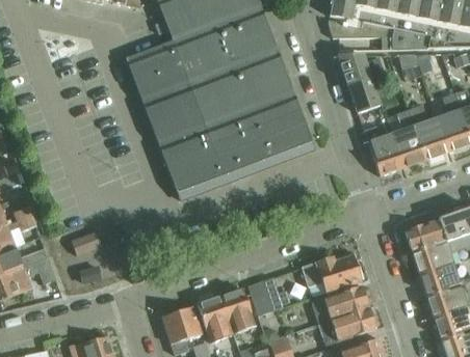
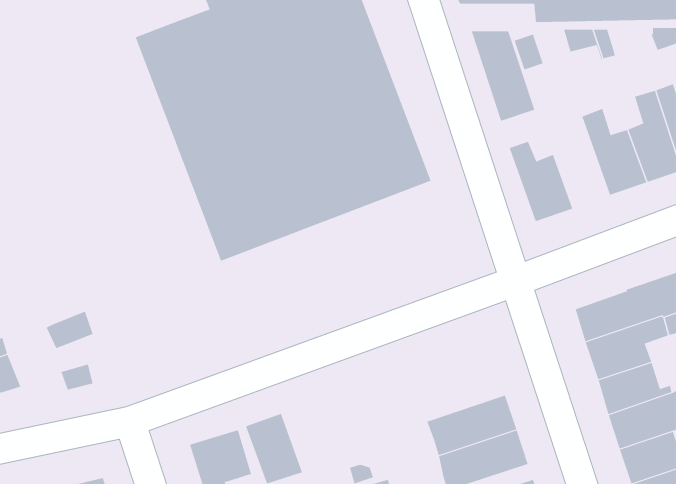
building: [391,109,426,167] -> none
building: [302,254,360,293] -> none
building: [246,277,289,315] -> none
building: [219,287,255,333] -> none

